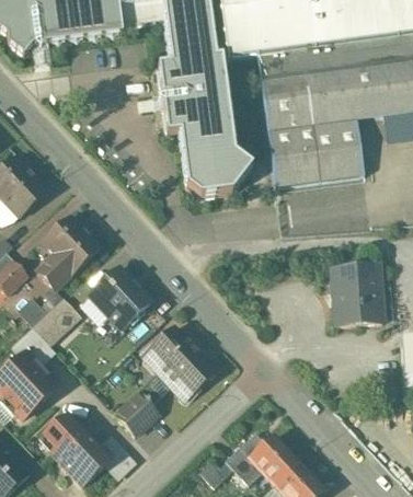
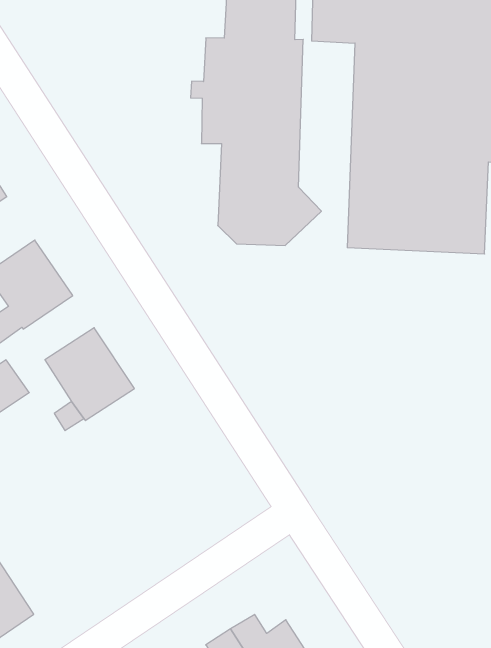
building: [335,264,382,325] -> none
building: [144,326,216,400] -> none
building: [112,392,160,435] -> none

